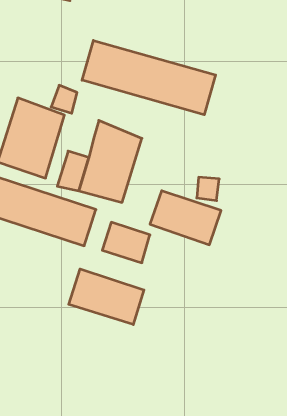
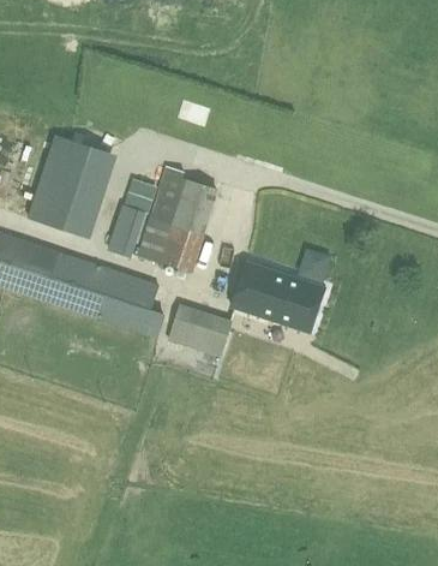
building: [82,40,216,115] -> none
building: [51,85,77,113] -> [121,177,156,214]
building: [69,269,144,325] -> none

